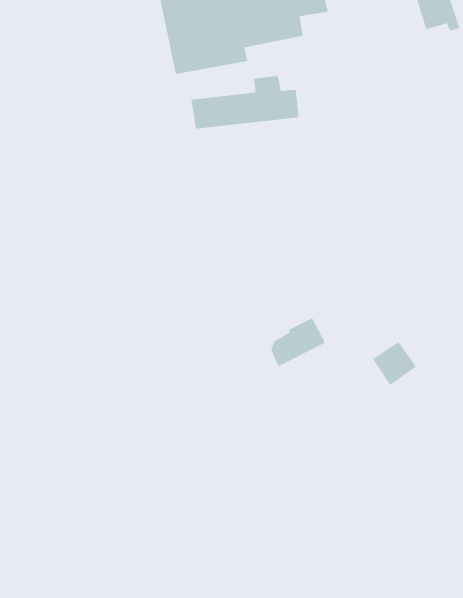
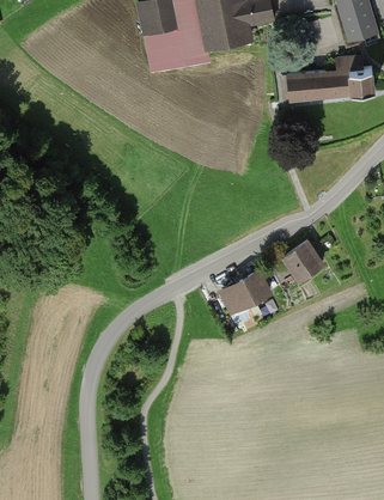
building: [191,76,300,129] -> [287,55,374,98]
building: [372,341,417,386] -> [286,240,322,276]

